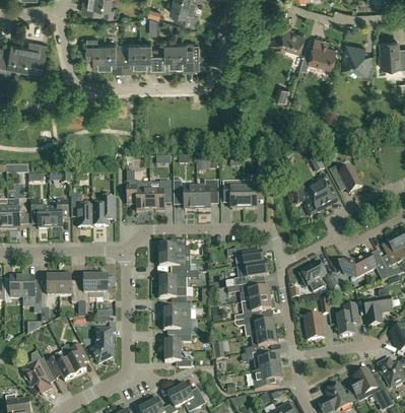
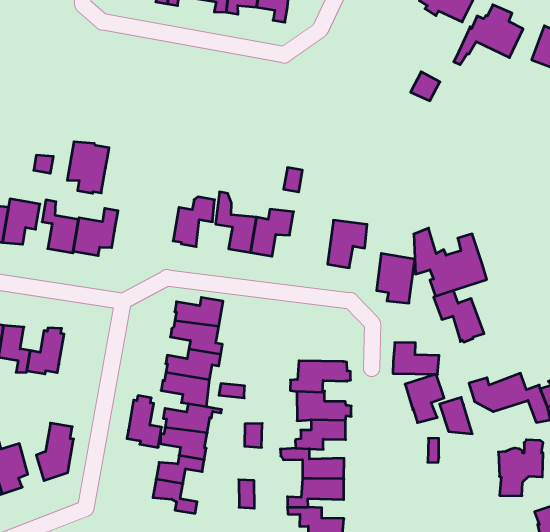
building: [329,163,362,193] -> [434,290,484,342]
building: [129,181,150,210] -> [67,142,109,193]
building: [222,181,244,208] -> [377,253,415,303]
building: [234,247,263,267] -> [393,343,439,374]
building: [95,272,115,300] -> [127,396,162,447]
building: [337,303,357,335] -> none
building: [303,314,324,339] -> none

